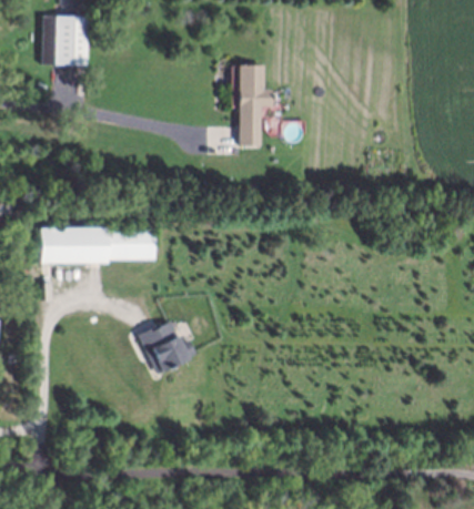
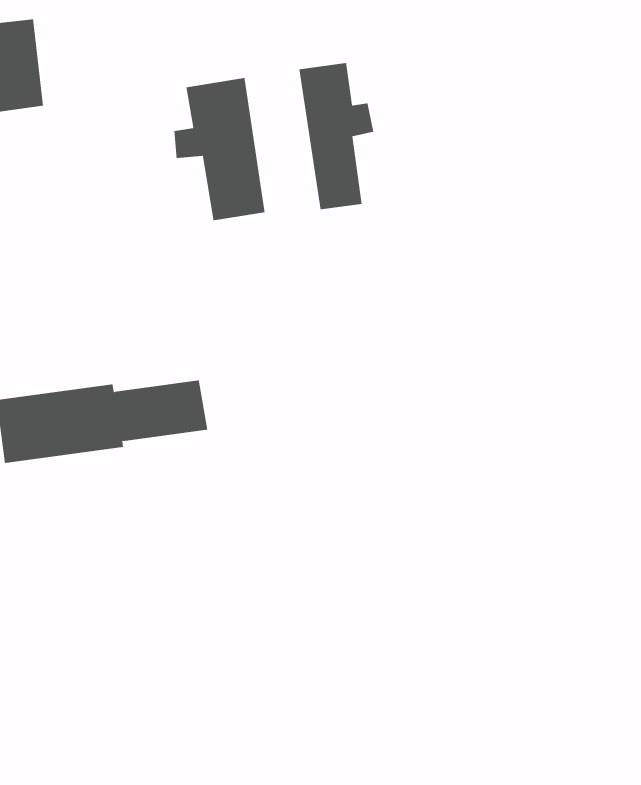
building: none -> [174,77,265,221]
building: [138,319,195,373] -> none

